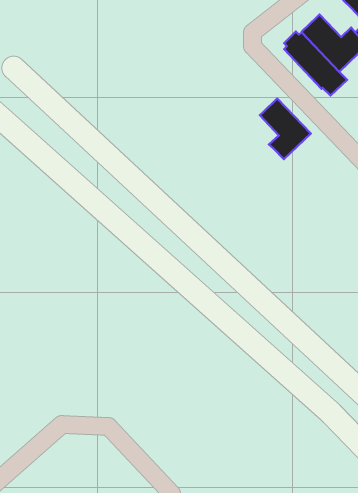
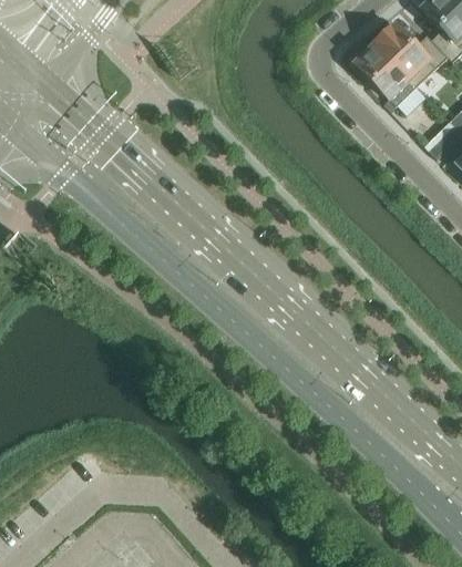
building: [260,99,311,159] -> none

